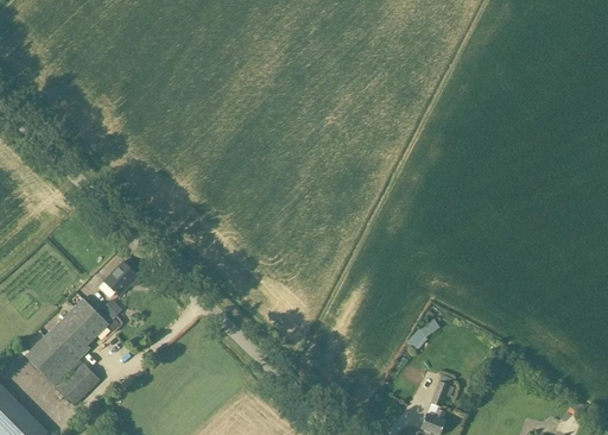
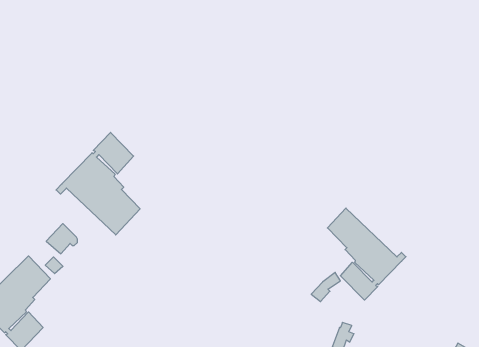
building: none -> [56,132,140,235]
building: none -> [327,208,406,300]

